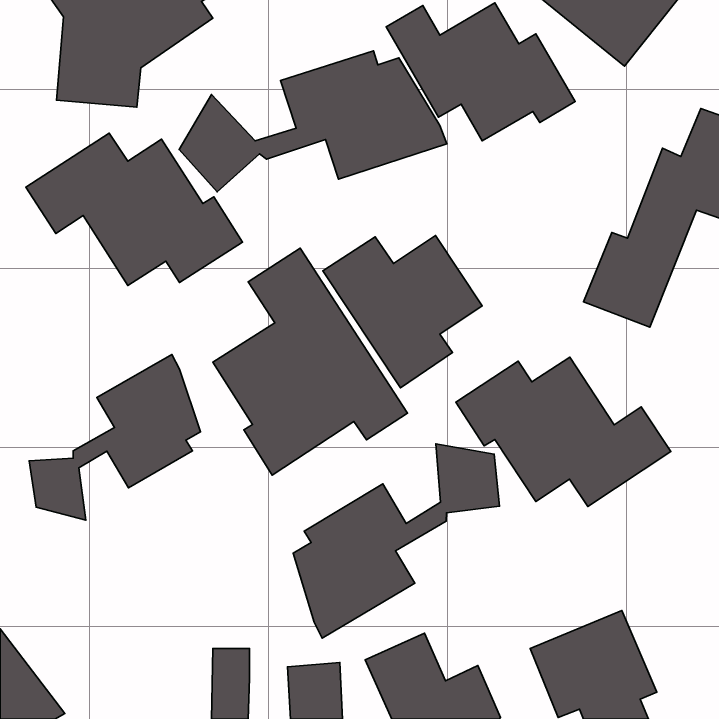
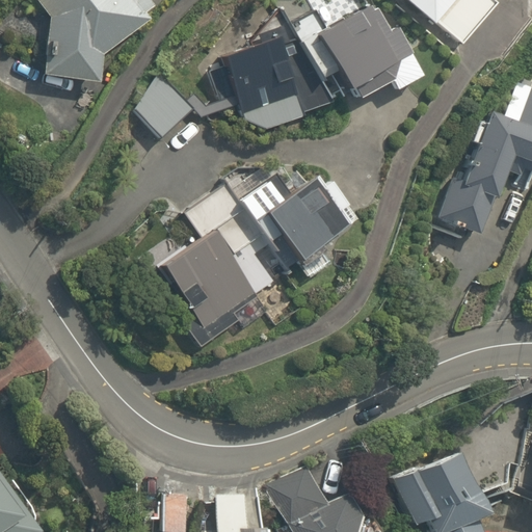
building: [26,133,242,285] -> none
building: [29,354,201,520] -> none
building: [456,357,671,506] -> none
building: [293,444,499,638] -> none

